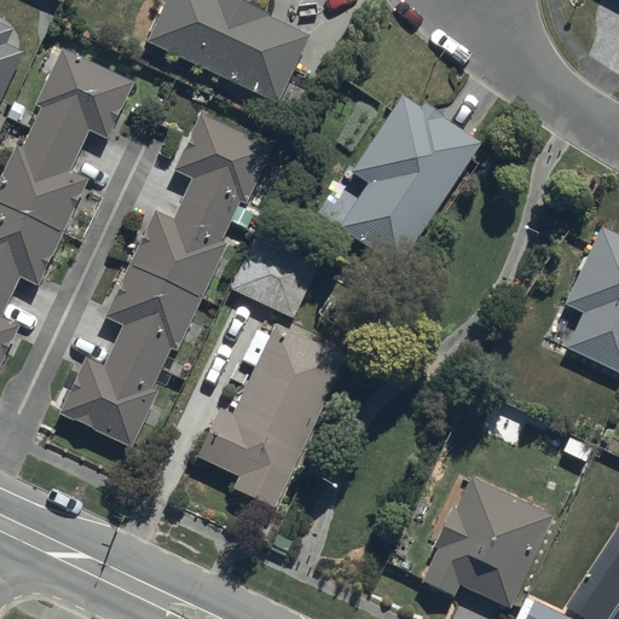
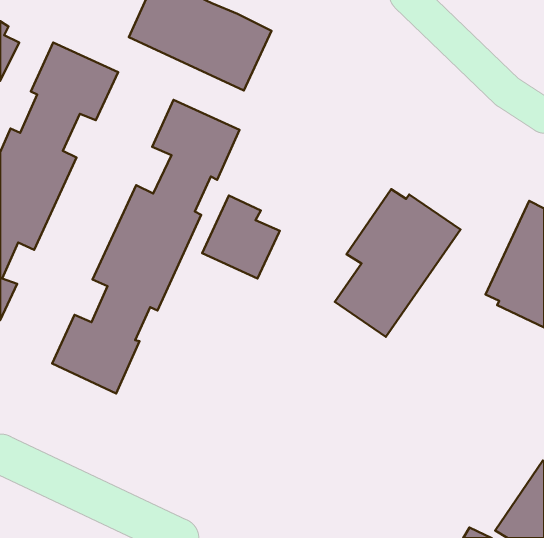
building: [339,97,481,265] -> [335,189,460,337]
building: [195,323,346,505] -> none
building: [421,475,551,606] -> none

